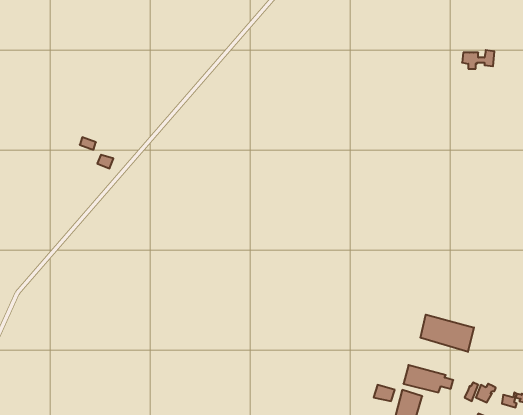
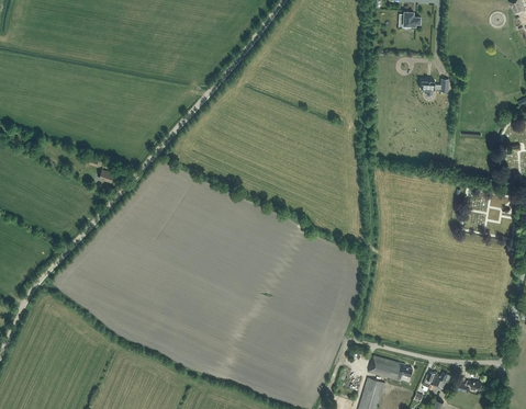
building: [420,315,474,352] -> none

